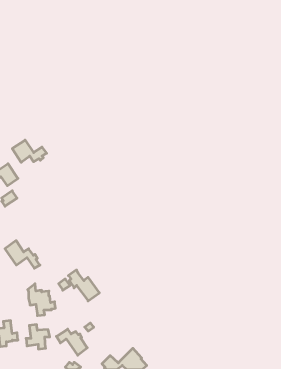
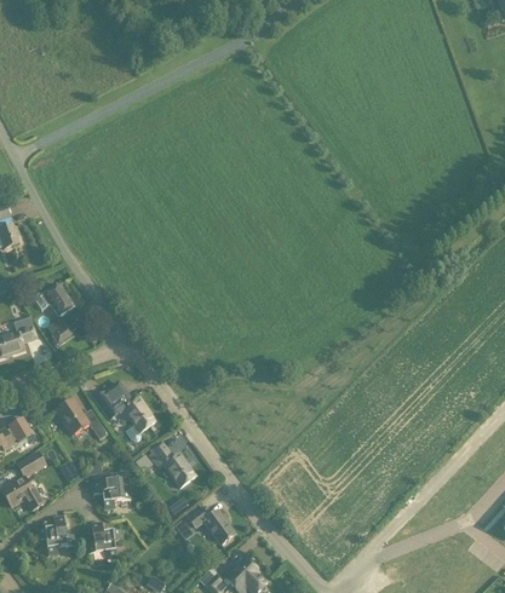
building: [12,140,47,162] -> none
building: none -> [110,392,155,442]
building: [56,329,87,355] -> [188,507,234,546]

